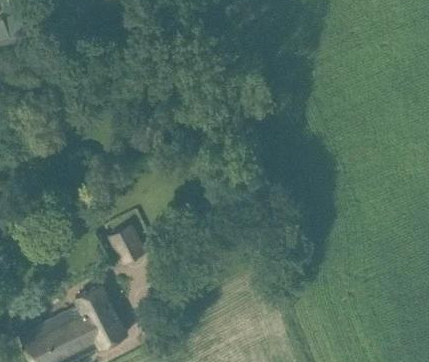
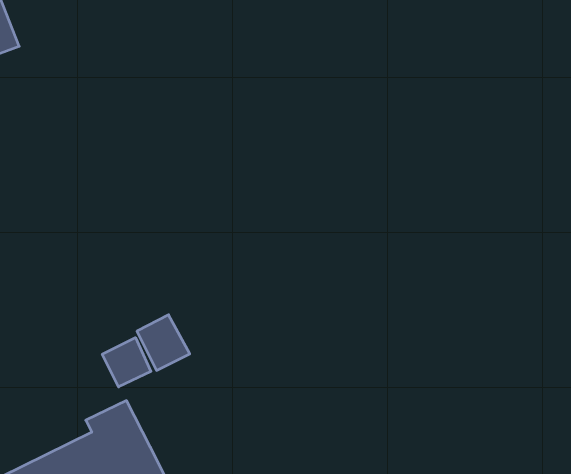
building: none -> [102,338,151,387]

